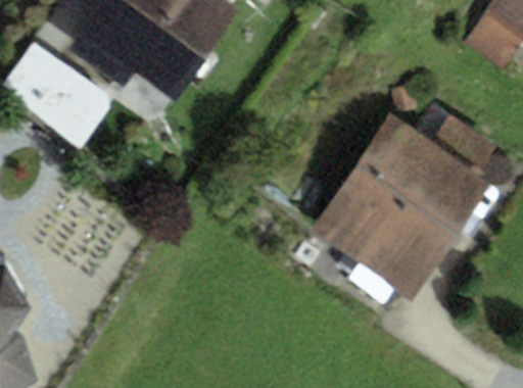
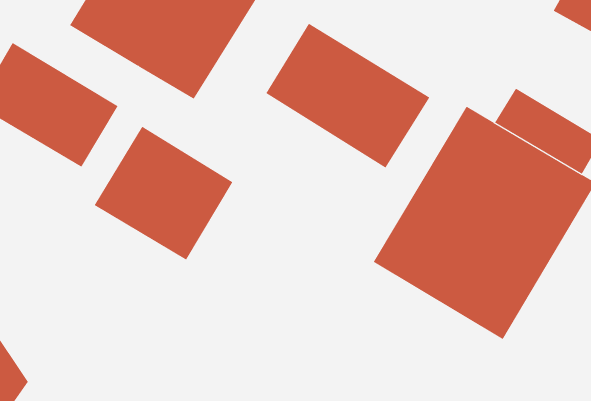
building: none -> [266,23,430,169]
building: none -> [94,126,233,261]

